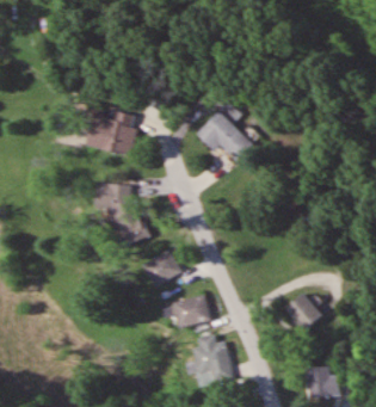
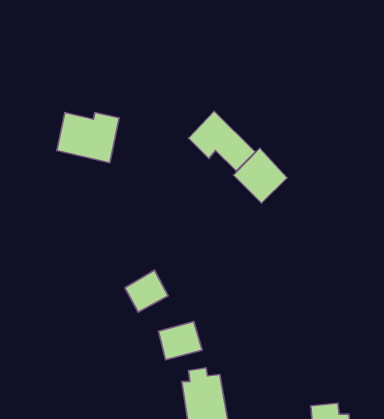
building: none -> [233,148,287,203]
building: [94,184,144,240] -> none
building: [285,294,322,332] -> none

